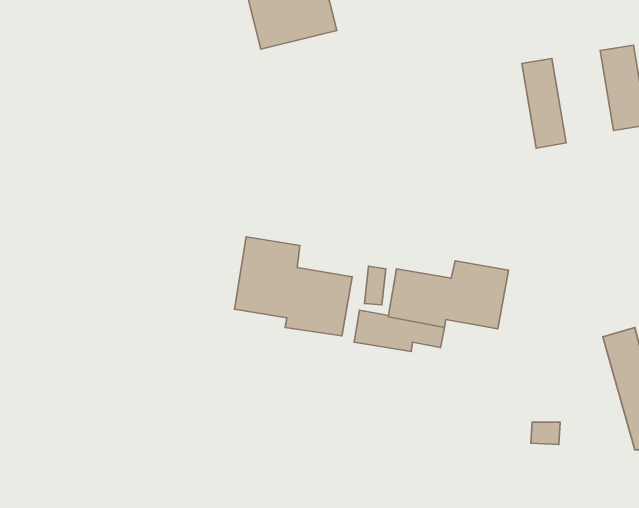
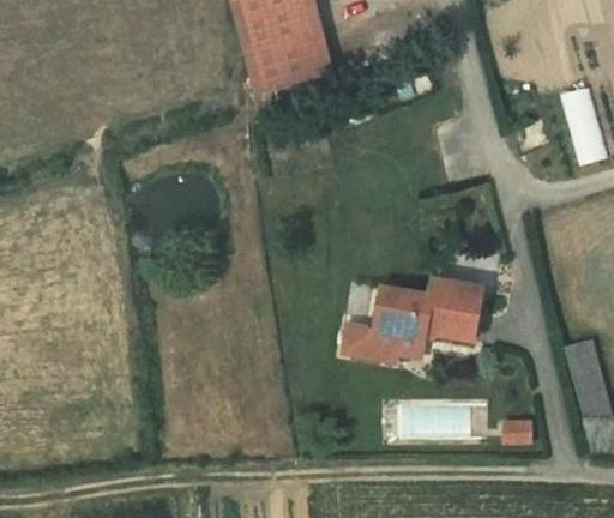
building: [522,58,566,148] -> none
building: [235,237,352,336] -> none

